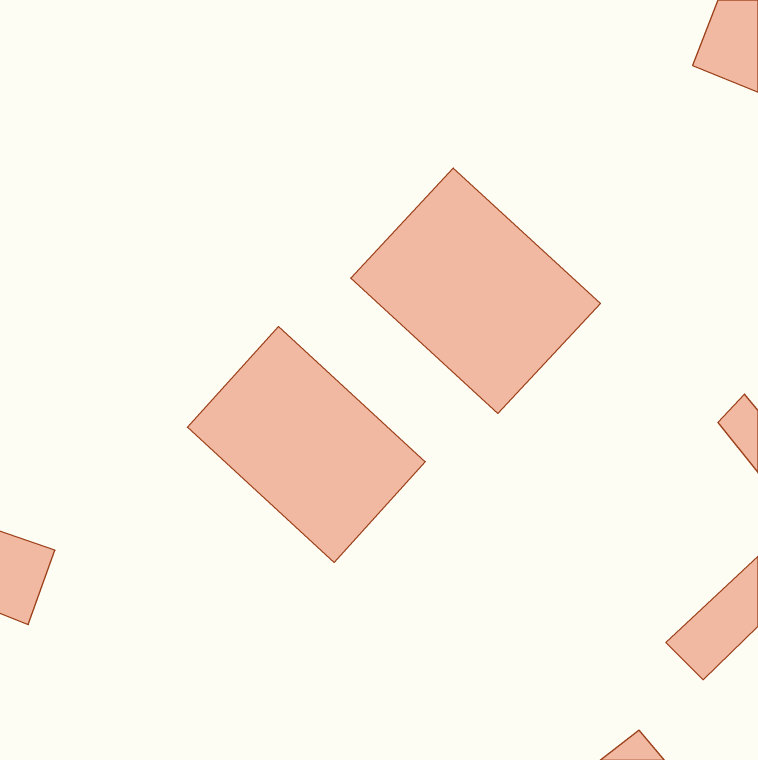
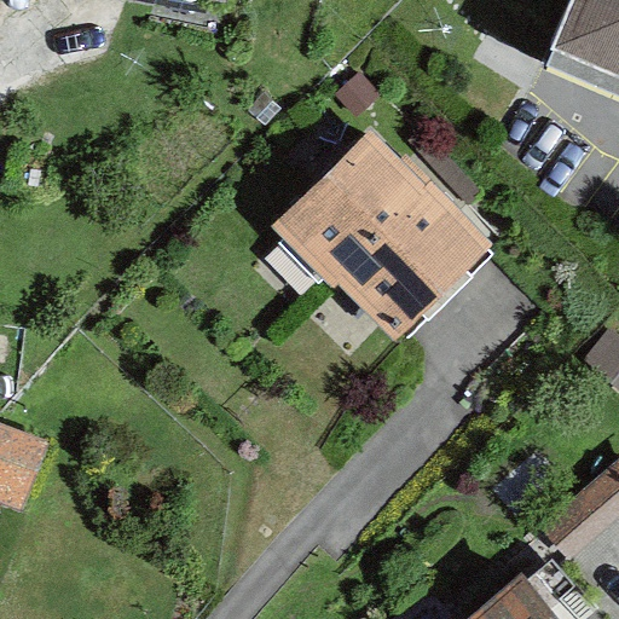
building: [187,327,425,562] -> none

